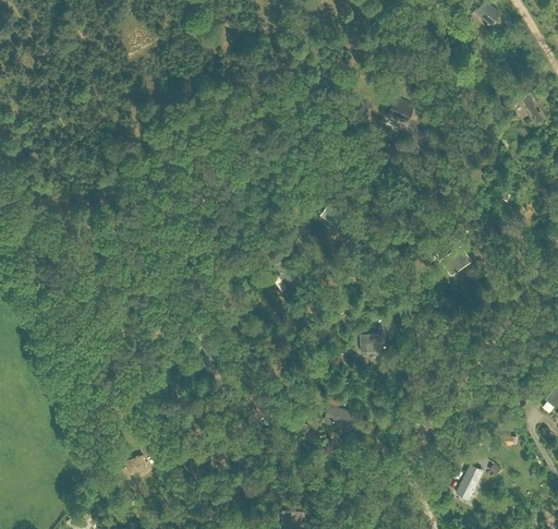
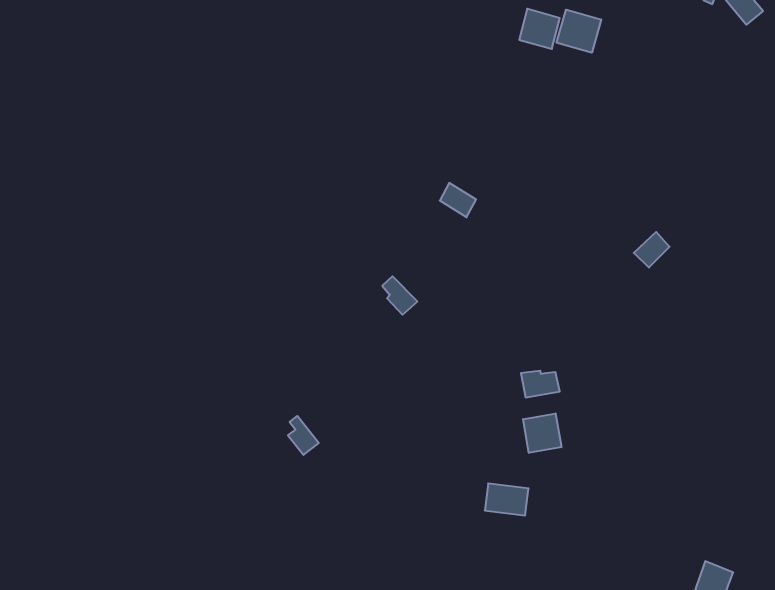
building: none -> [557,10,601,53]
building: none -> [523,413,561,453]

